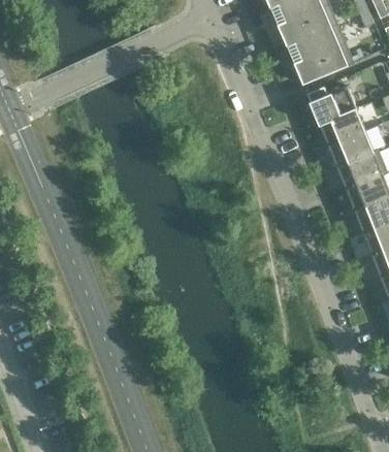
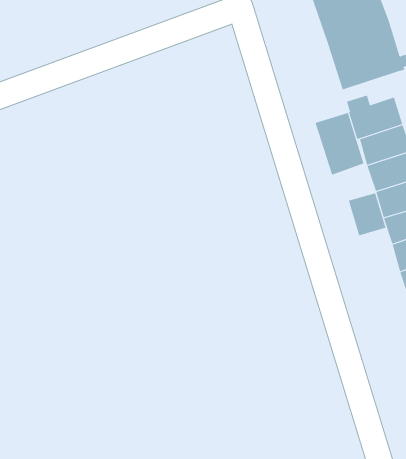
building: none -> [315,112,364,175]
building: none -> [348,192,386,236]

